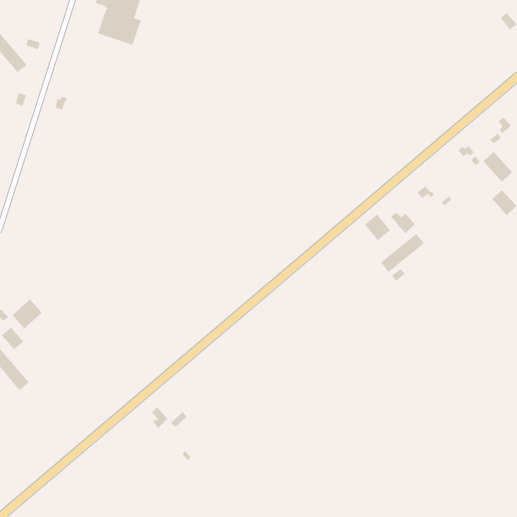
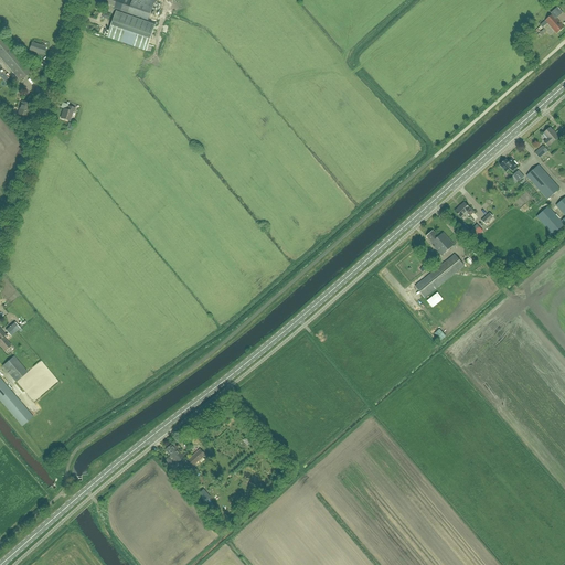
building: [364,214,391,241] -> none
building: [12,299,43,329] -> none

